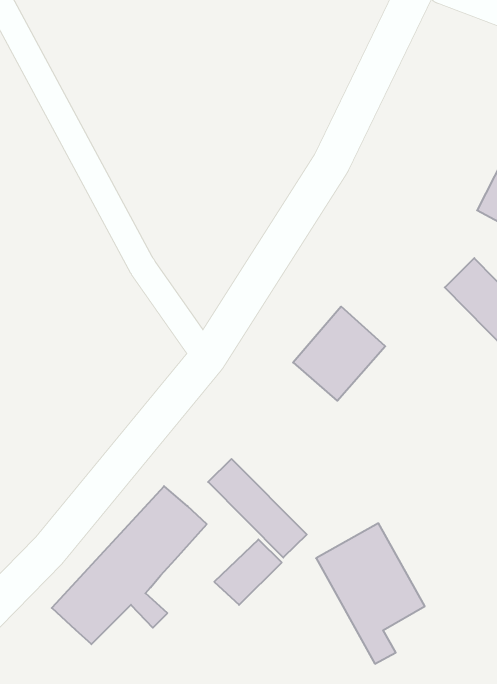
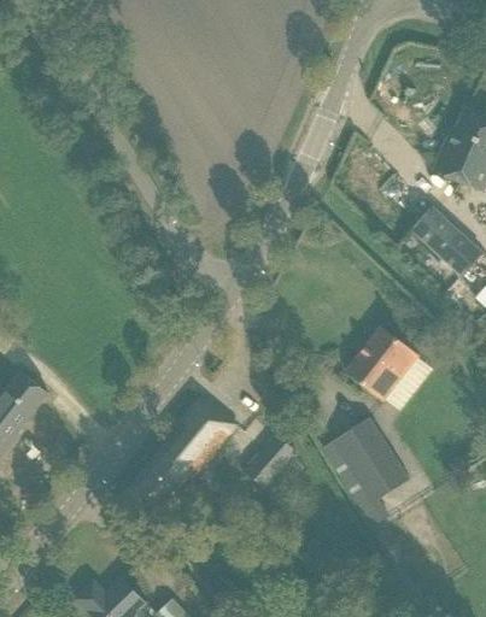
building: [293,307,385,401] -> [346,327,417,400]
building: [208,459,307,558] -> none

